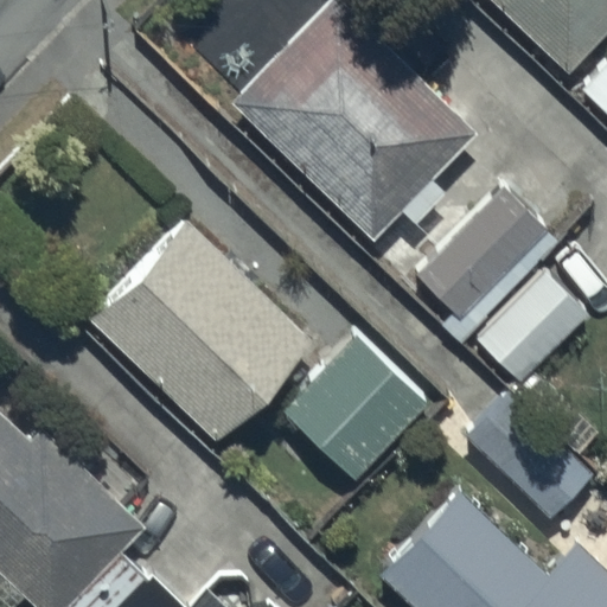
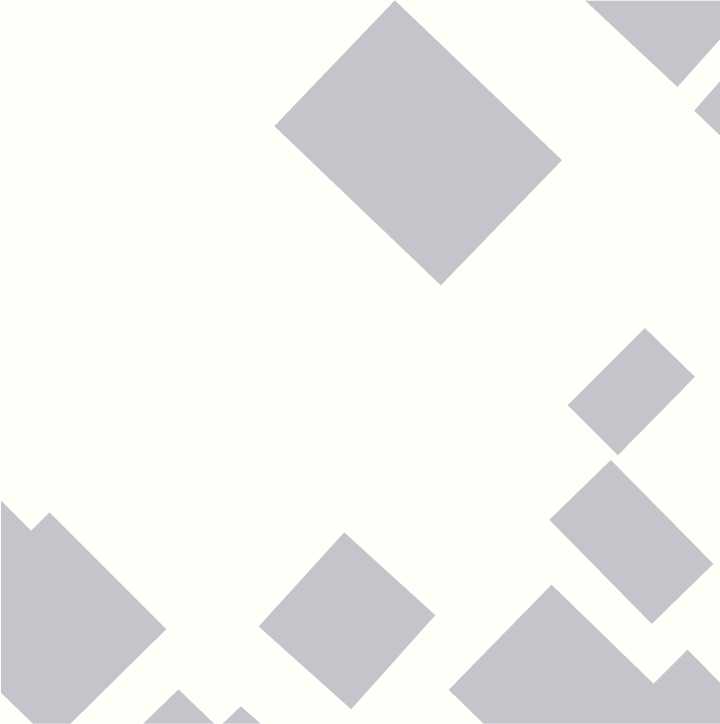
building: [411,184,548,324] -> none
building: [90,221,317,446] -> none
building: [281,334,430,484] -> [258,531,436,710]

